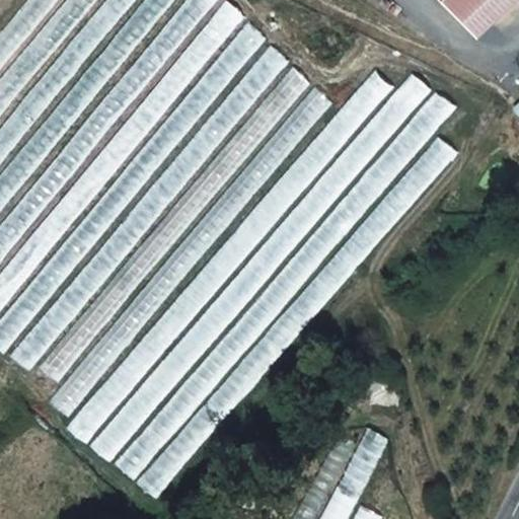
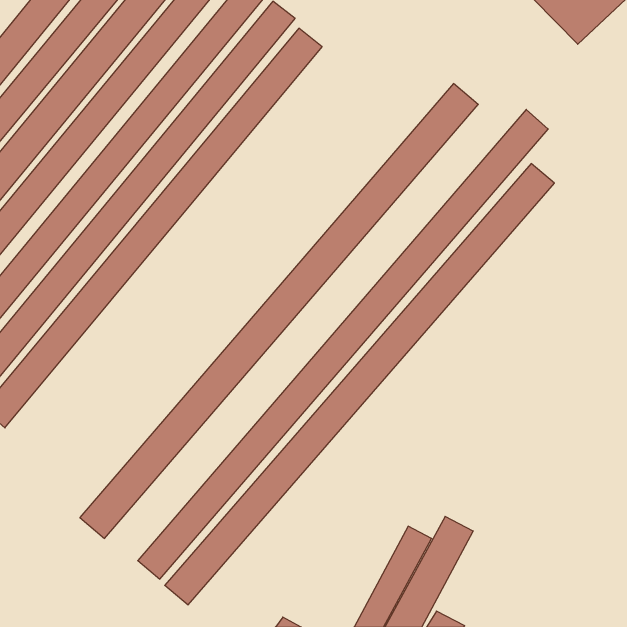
building: [9,45,289,370] -> none
building: [40,66,310,381] -> none
building: [90,73,430,461] -> none
building: [49,86,332,416] -> none

